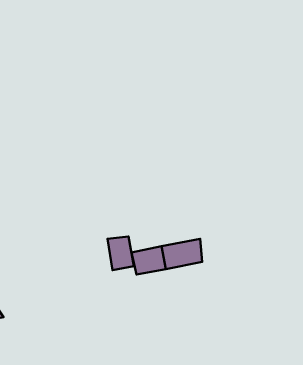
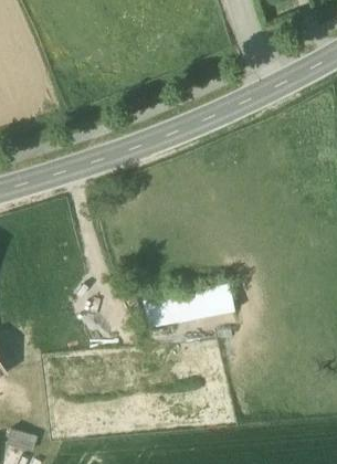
building: [107,236,134,270] -> none

